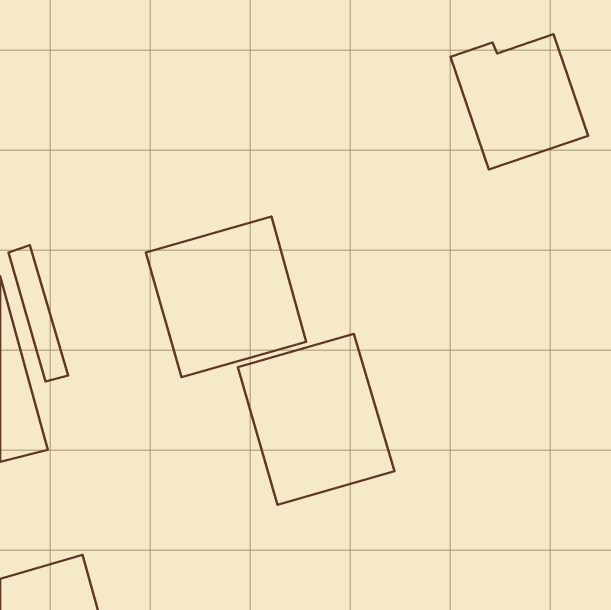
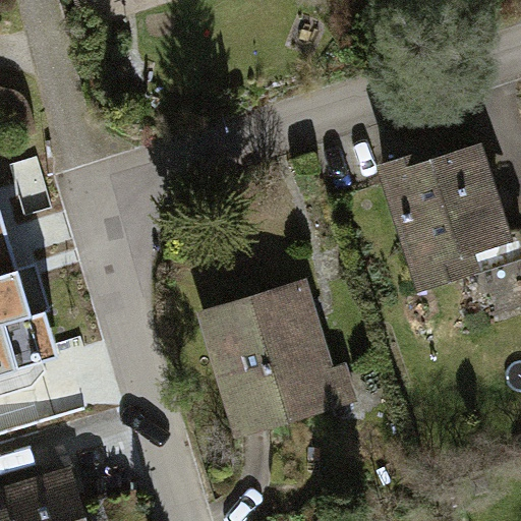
building: [451,34,588,169] -> [384,150,501,265]
building: [146,216,306,377] -> none

